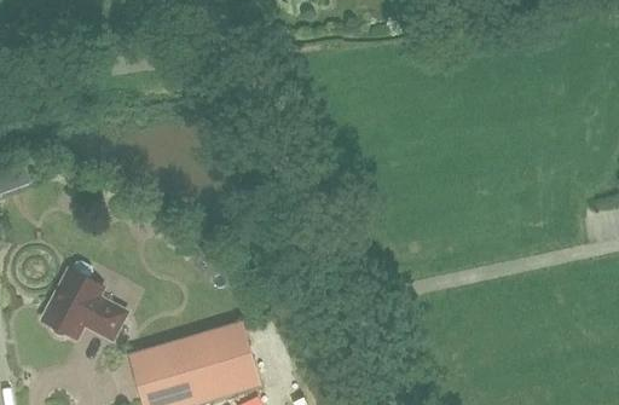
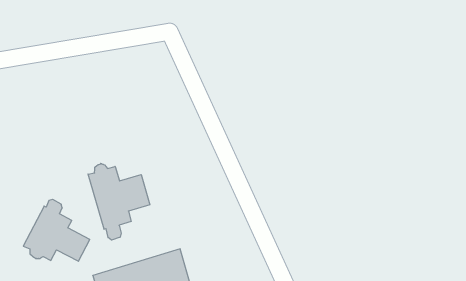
building: none -> [88,163,150,240]

